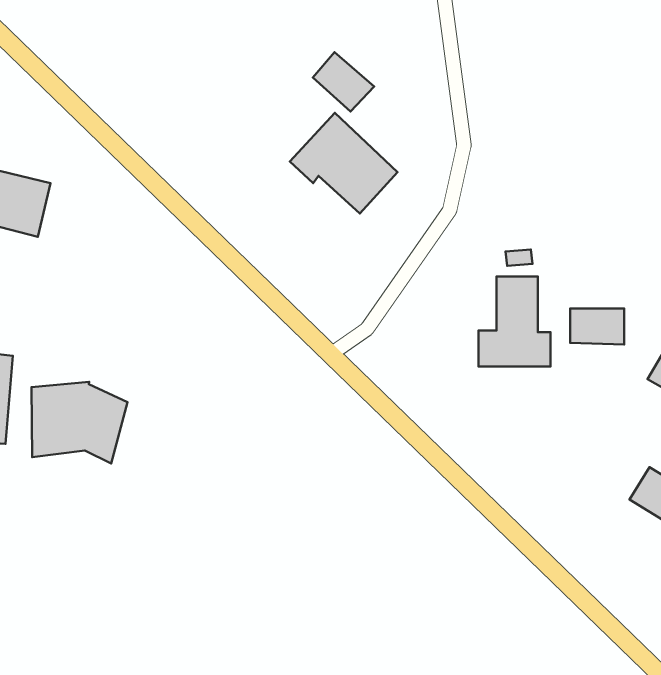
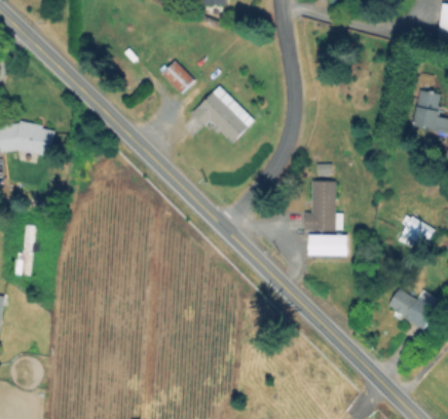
building: [313,52,374,112] -> [160,60,195,93]
building: [570,309,624,344] -> [310,235,341,256]
building: [32,382,128,464] -> none

